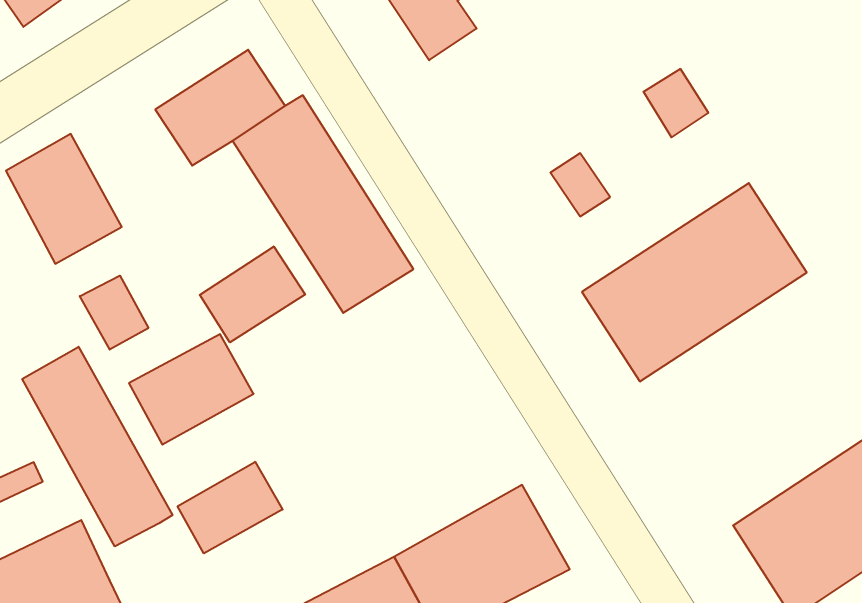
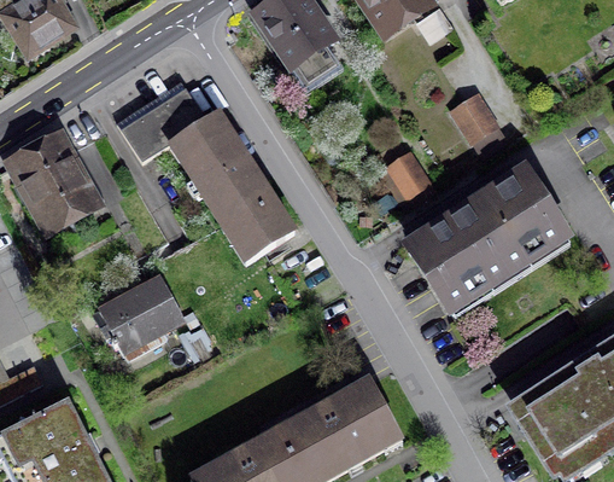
building: [200,246,305,342] -> none
building: [80,276,148,350] -> none
building: [22,347,172,546] -> none
building: [178,462,283,553] -> none

